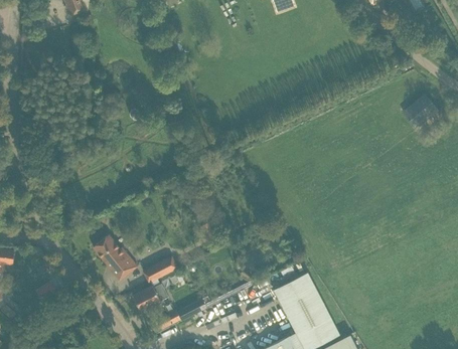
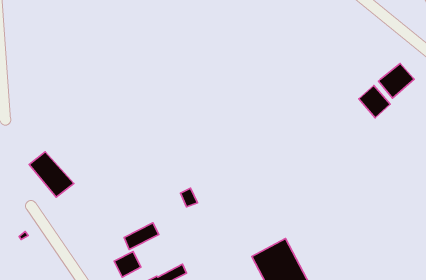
building: none -> [359,85,390,118]
building: [93,234,138,281] -> [29,152,74,197]

